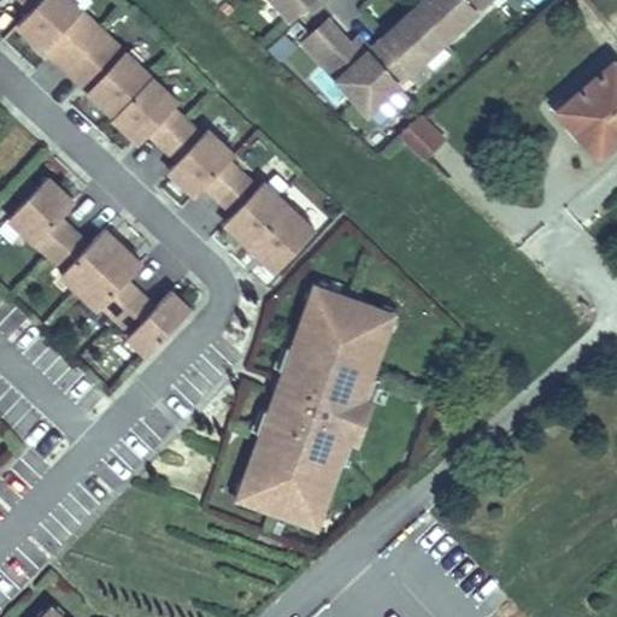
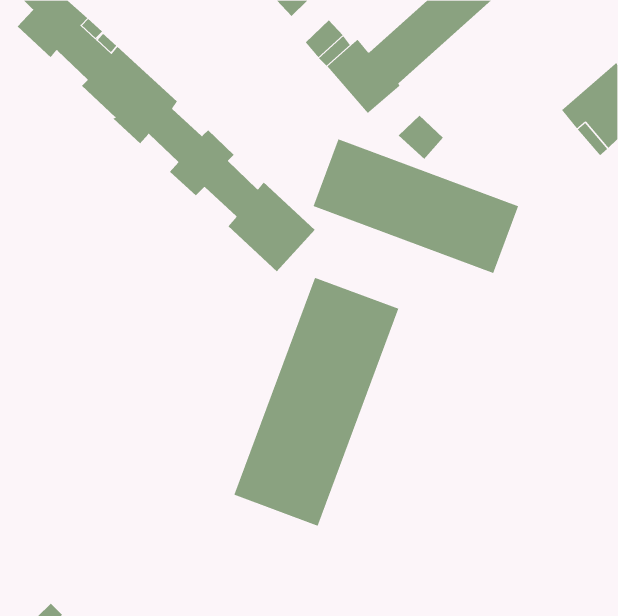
building: none -> [313,139,519,274]
building: [10,177,190,358] -> none

